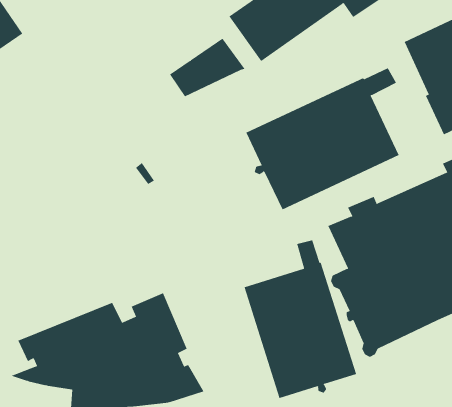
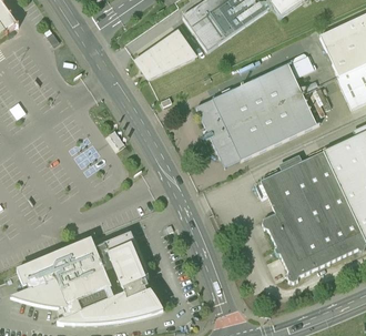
building: [244,239,357,399] -> none

